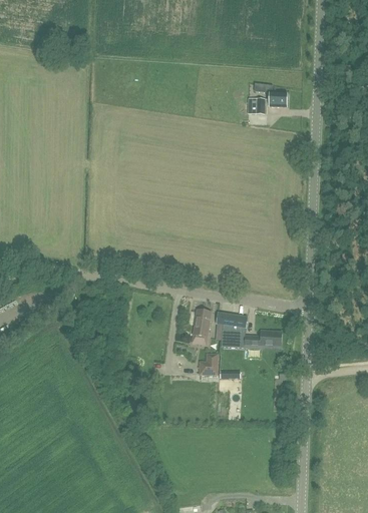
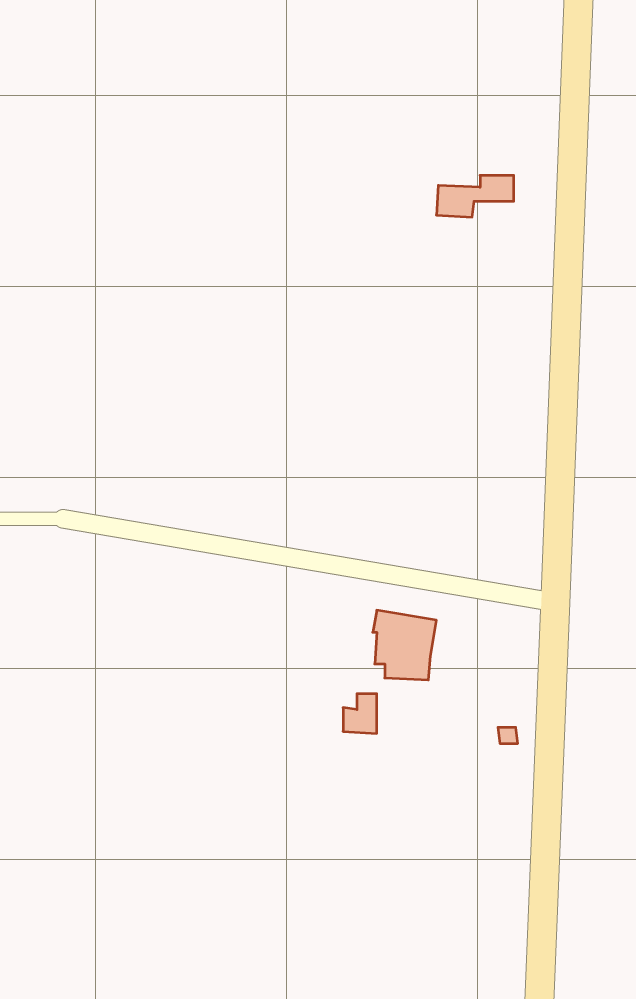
building: [191,309,211,345] -> none
building: [243,330,280,347] -> none

